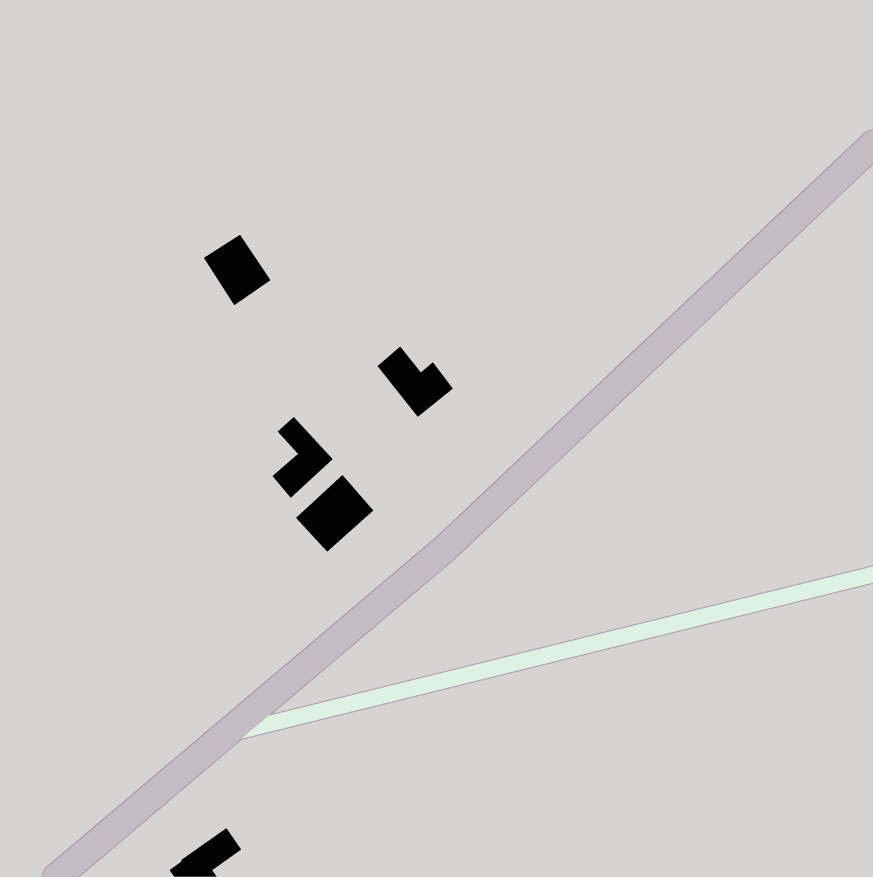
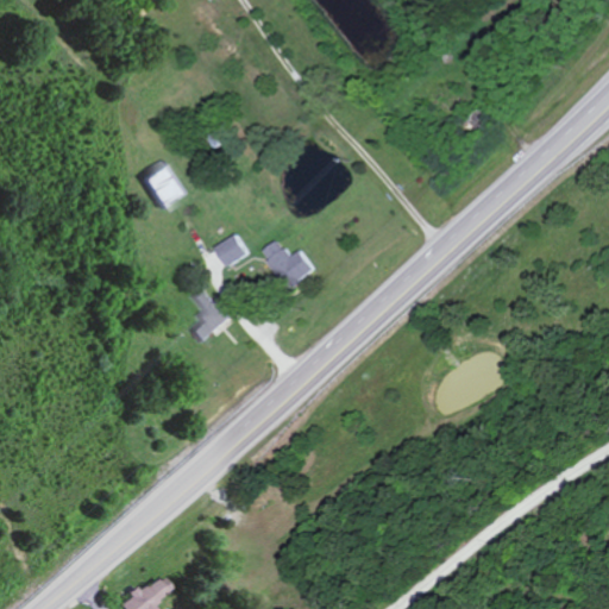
building: none -> [215,236,249,266]
building: [295,474,374,552] -> none

